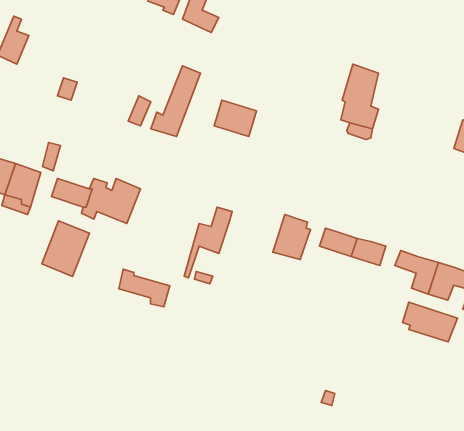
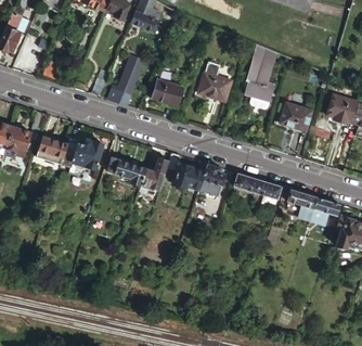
building: none -> [202,73,234,102]
building: none -> [281,103,313,131]
building: none -> [166,153,206,190]
building: [42,221,90,276] -> none
building: [119,269,170,307] -> [107,157,144,184]
building: [403,302,458,342] -> none

